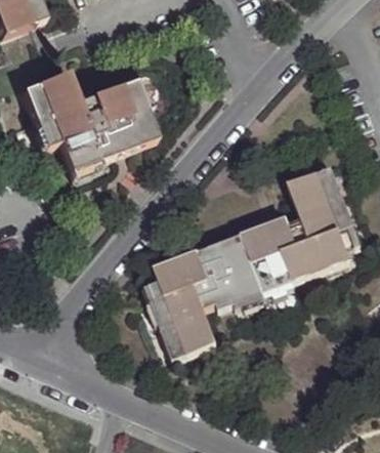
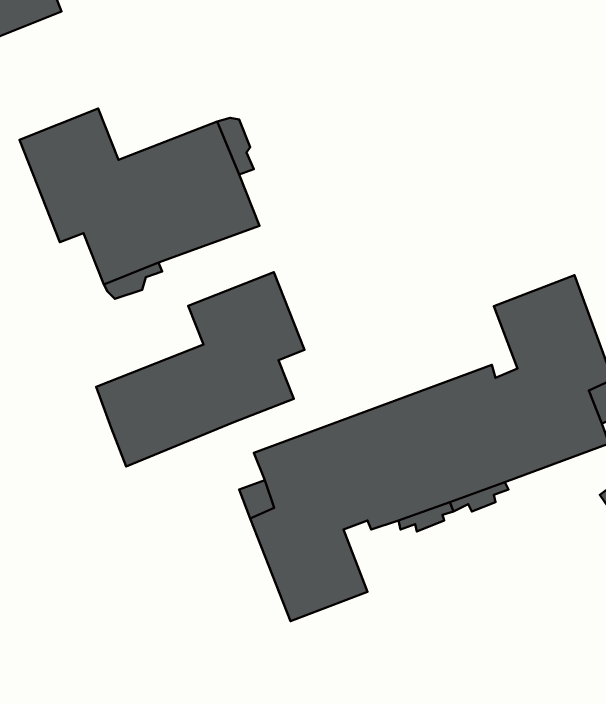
building: none -> [96,272,304,467]

